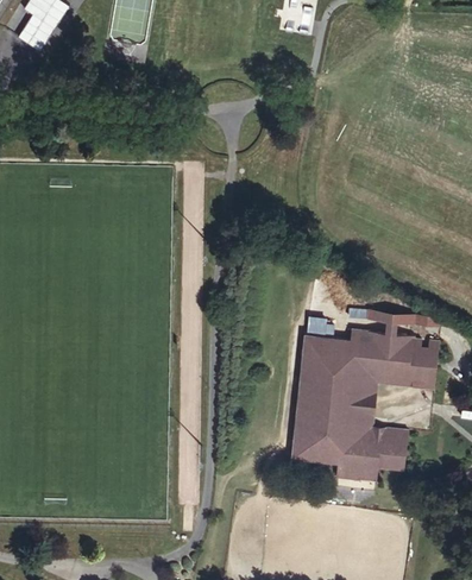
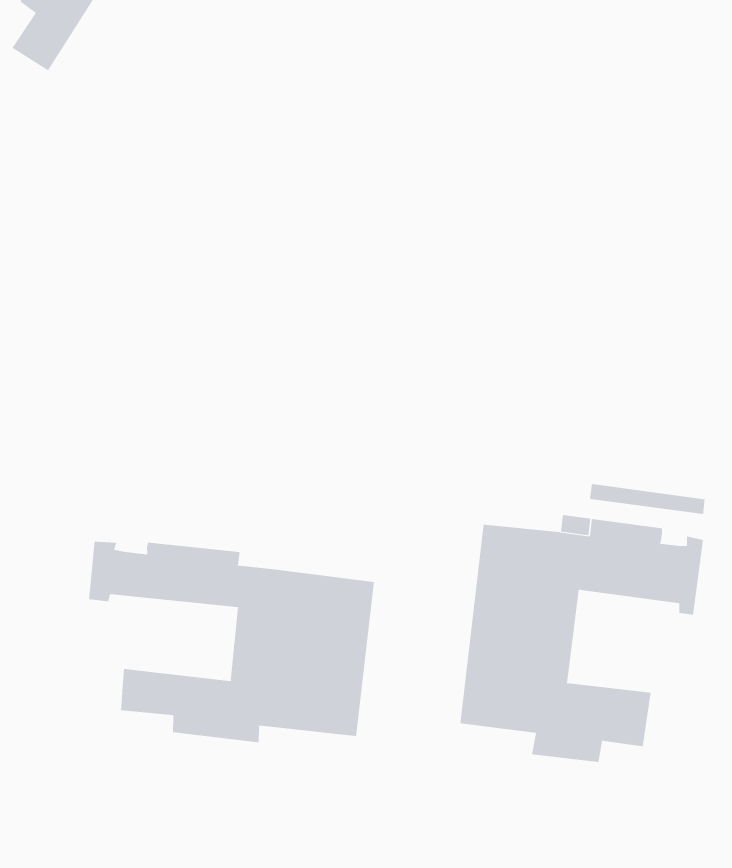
building: none -> [88,541,375,743]
building: [357,374,424,437] -> none

